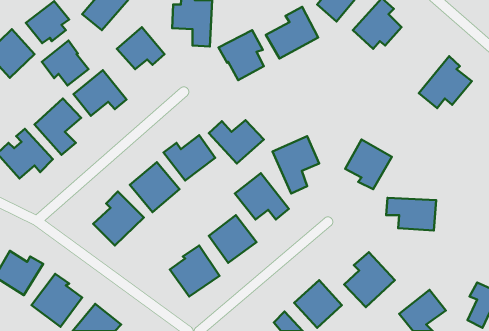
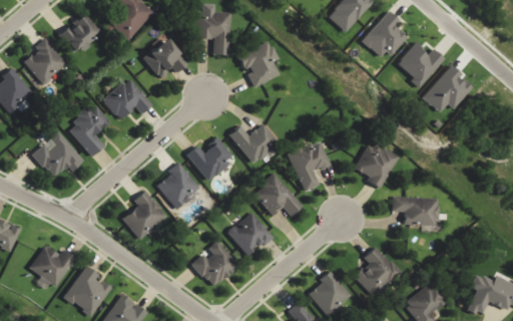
building: [266,7,318,59] -> none
building: none -> [396,42,443,85]
building: [42,41,88,85] -> none

